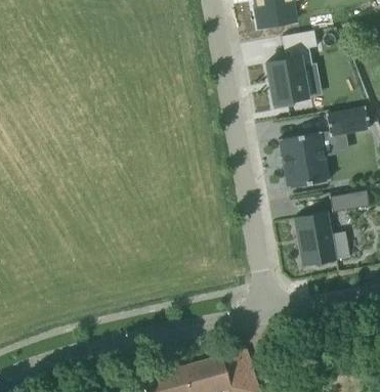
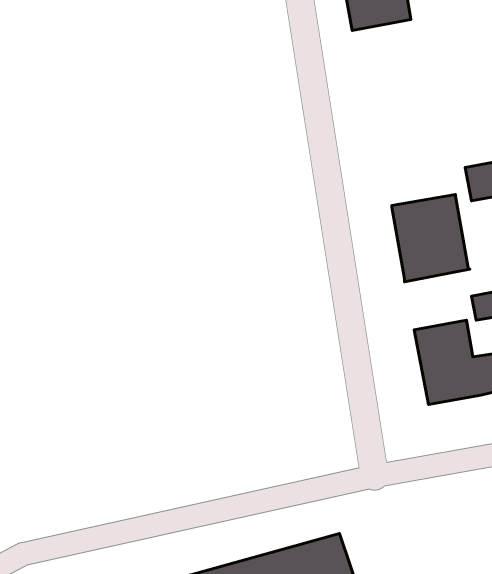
building: [266,31,318,108] -> none

